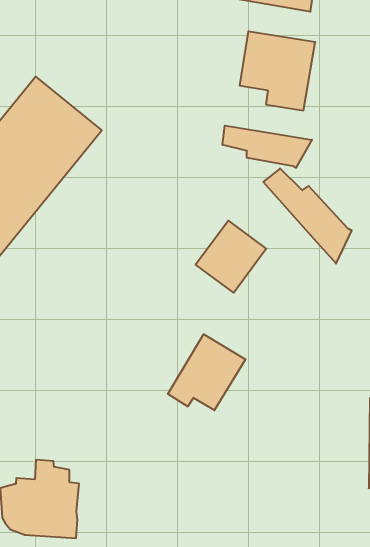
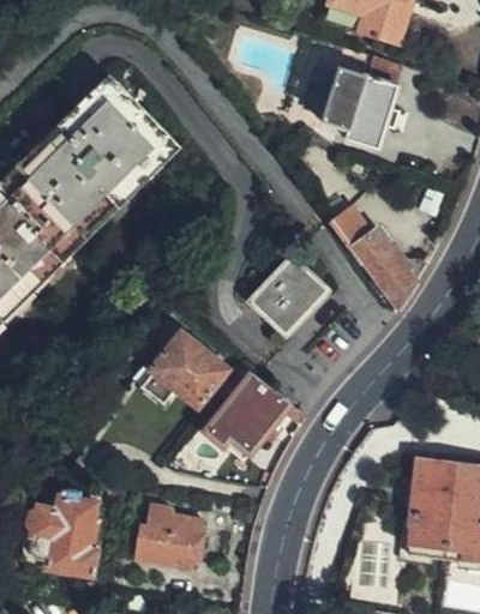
building: [223,126,312,168] -> none
building: none -> [154,336,229,408]
building: none -> [138,501,205,567]

